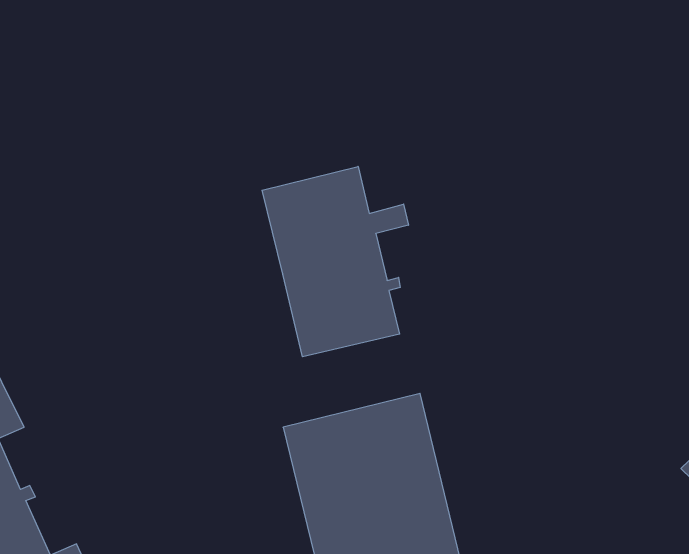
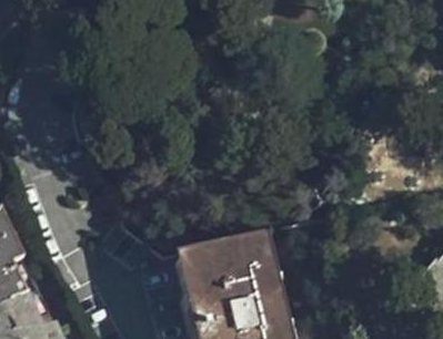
building: [262,166,408,357] -> none

